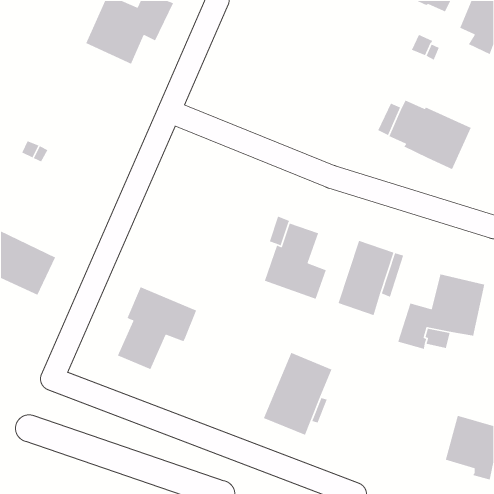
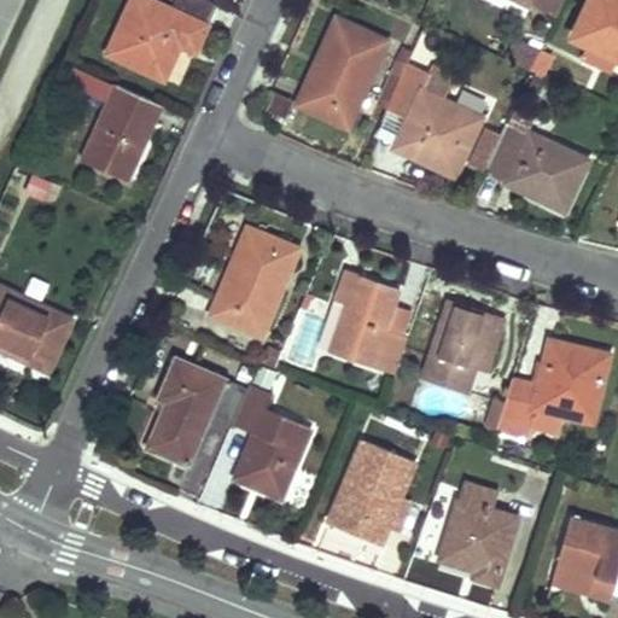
building: none -> [297,19,385,128]
building: none -> [386,63,483,170]
building: none -> [83,84,154,180]
building: none -> [210,228,297,336]
building: none -> [232,379,311,497]
building: none -> [439,483,518,584]

